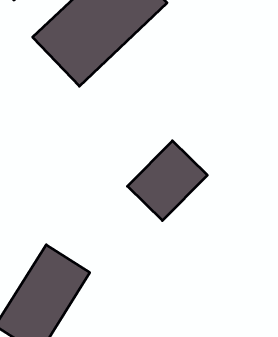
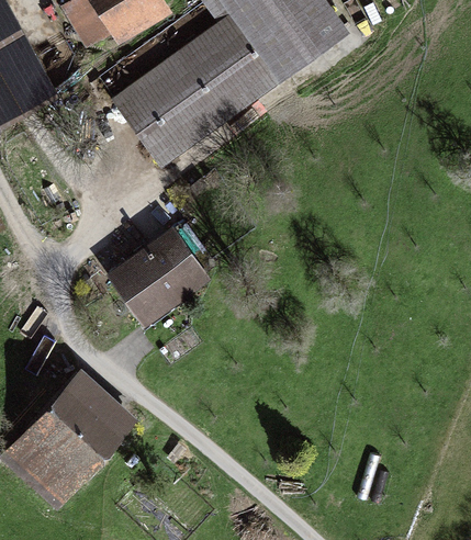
building: [127,141,207,221] -> [109,228,212,327]

